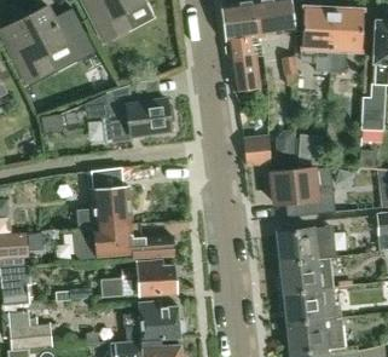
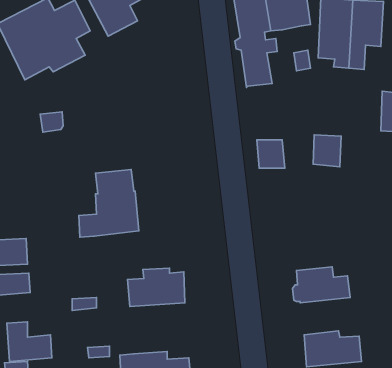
building: [102,82,174,144] -> none
building: [271,167,336,217] -> none
building: [88,226,174,259] -> none
building: [278,228,335,264] -> none
building: [285,289,341,324] -> none
building: [123,303,180,342] -> none

